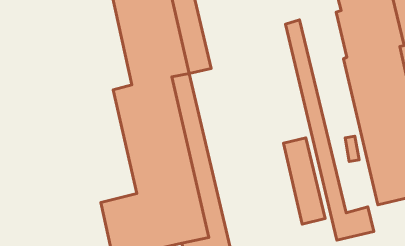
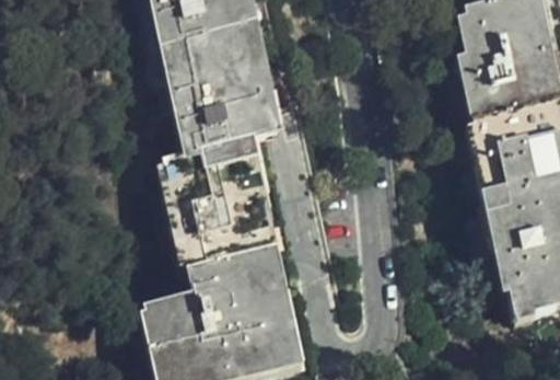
building: [286,20,374,240] -> none
building: [284,138,325,224] -> none

